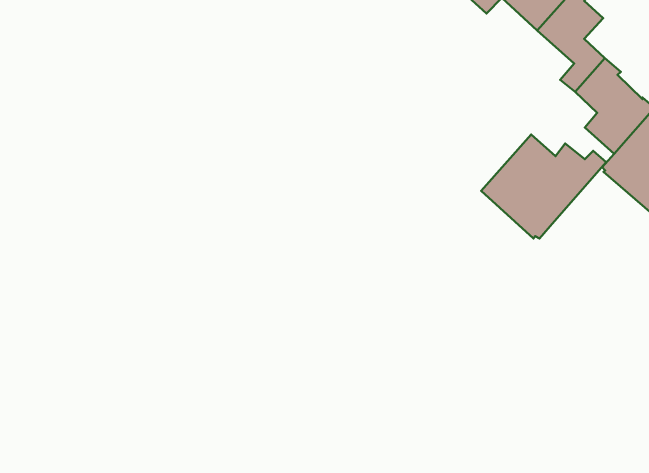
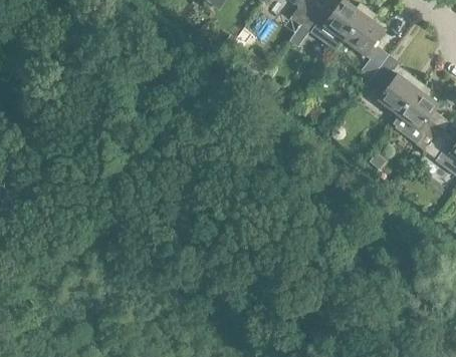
building: [481,134,606,239] -> none

